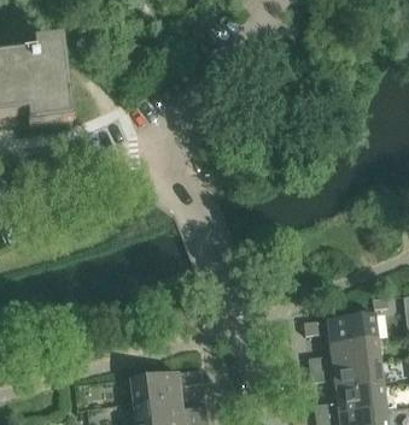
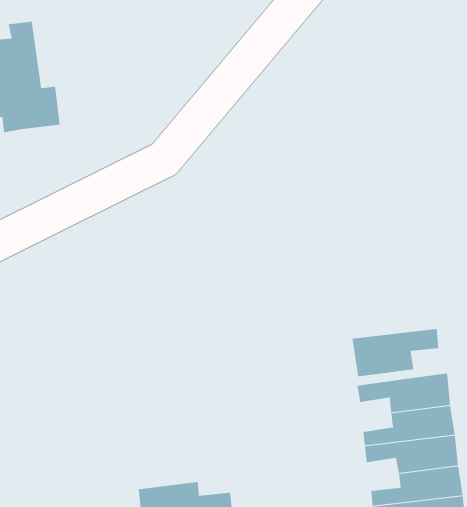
building: none -> [352,328,439,377]
building: [130,368,203,402] -> none

